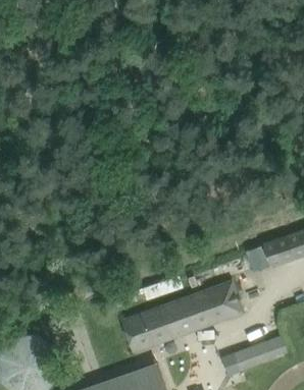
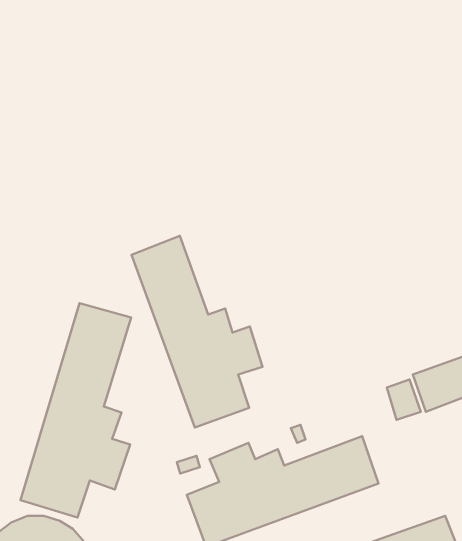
building: none -> [131,236,263,427]
building: none -> [20,303,131,518]

